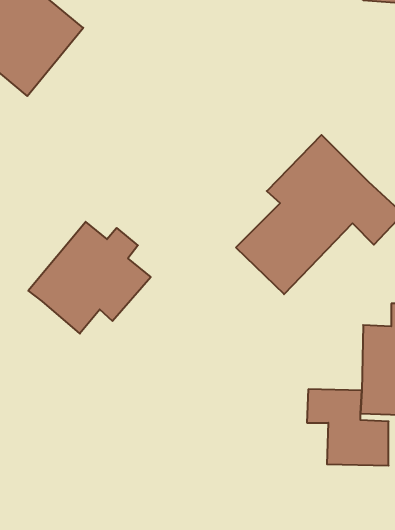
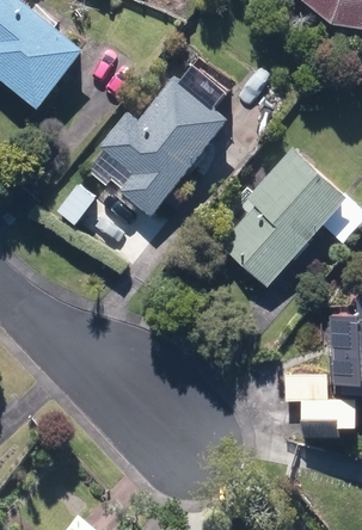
building: none -> [86,55,231,216]
building: [28,222,151,334] -> none

